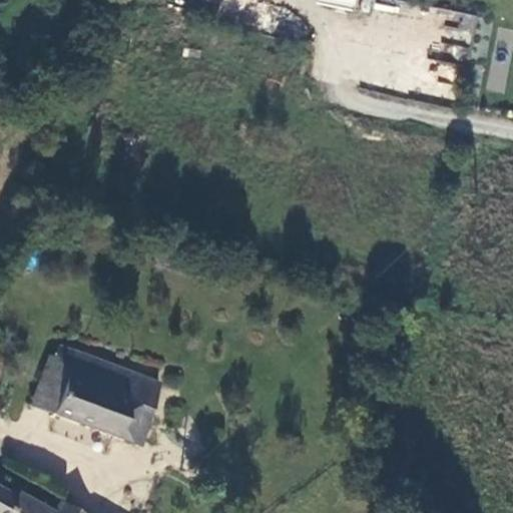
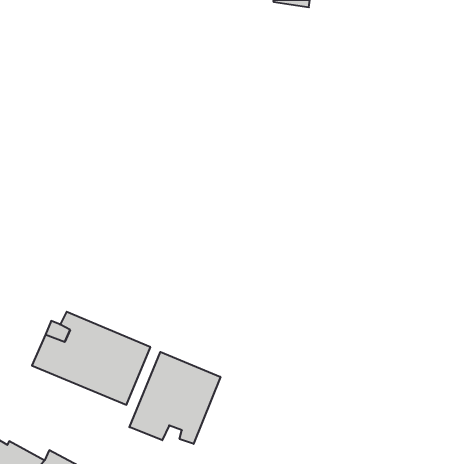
building: none -> [129,352,220,444]

